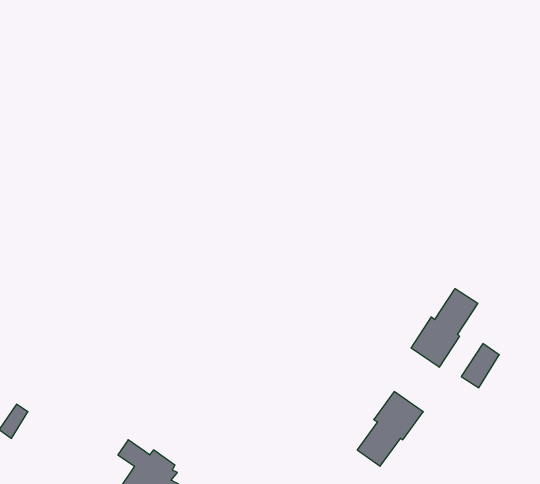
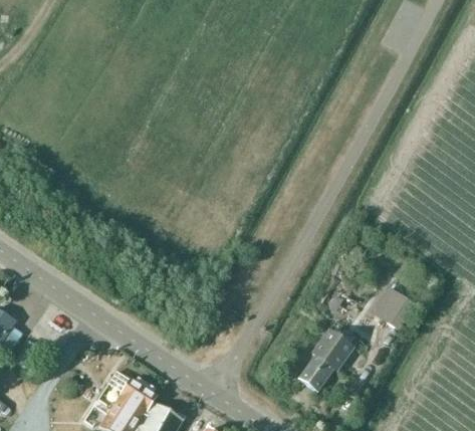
building: [411,289,478,367] -> none

